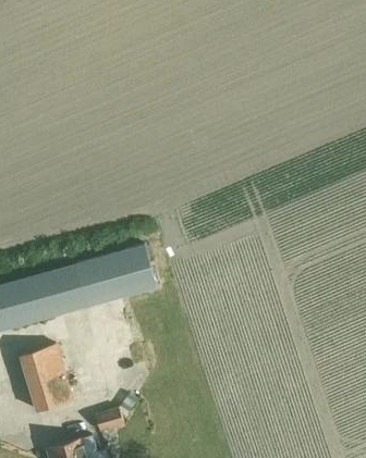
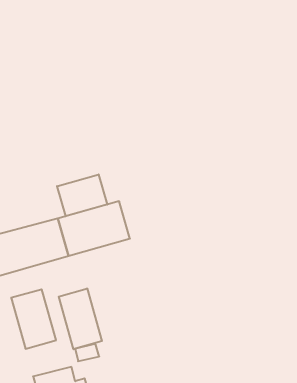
building: none -> [57,174,107,216]
building: none -> [59,288,102,349]

